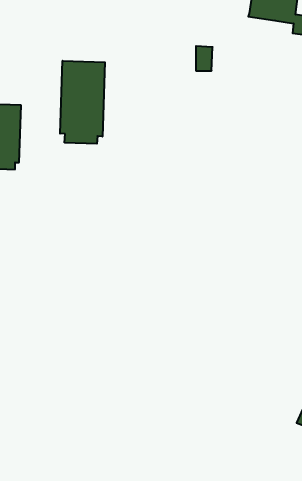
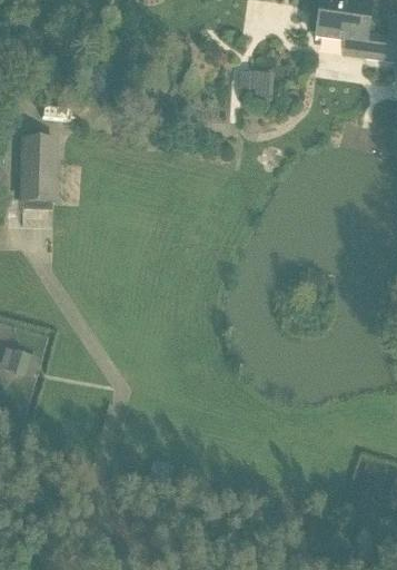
building: [60,61,105,144] -> none

